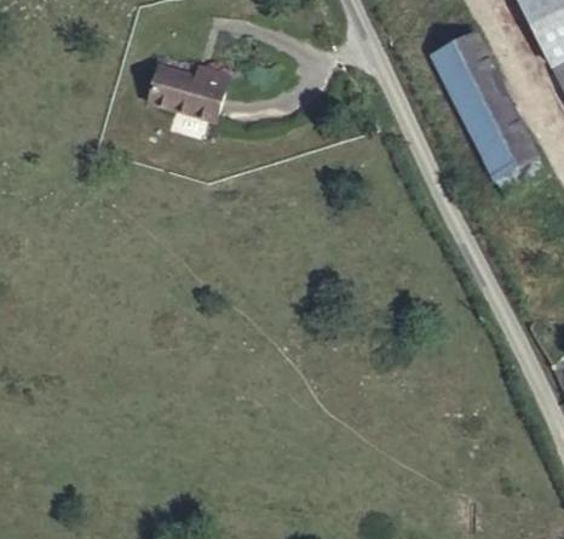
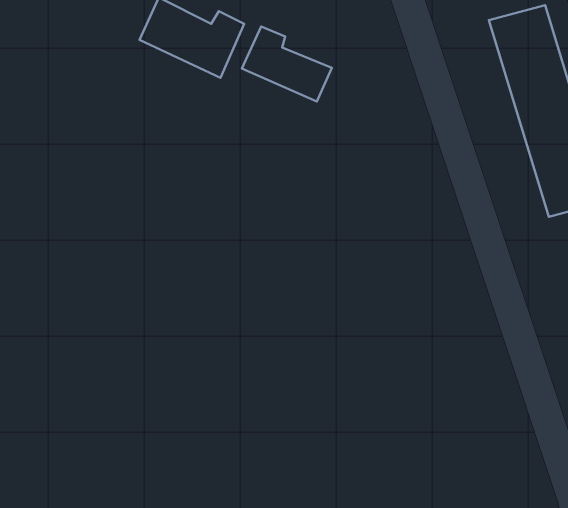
building: none -> [242,26,332,101]

